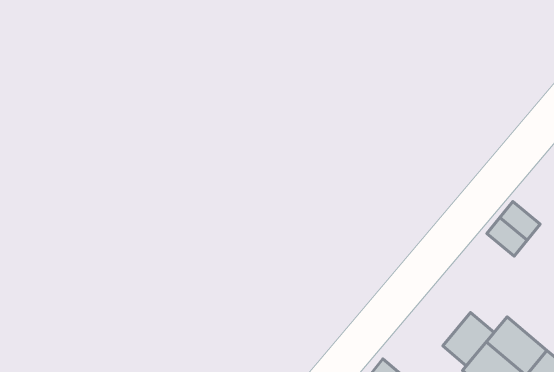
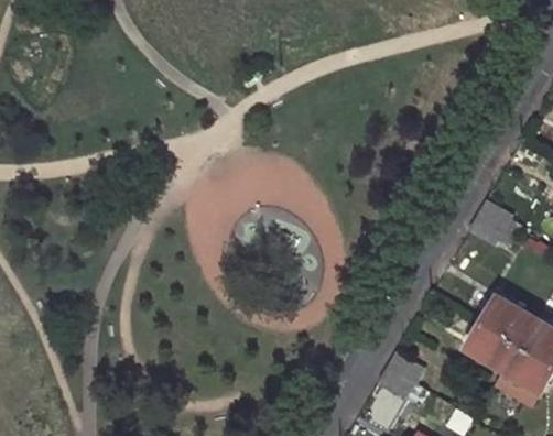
building: [443,313,494,366] -> none

